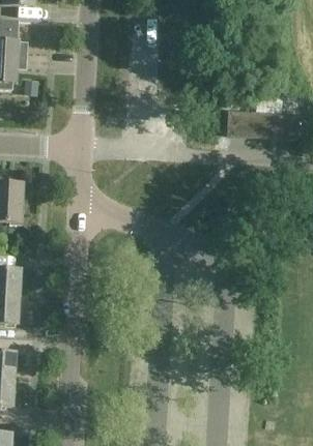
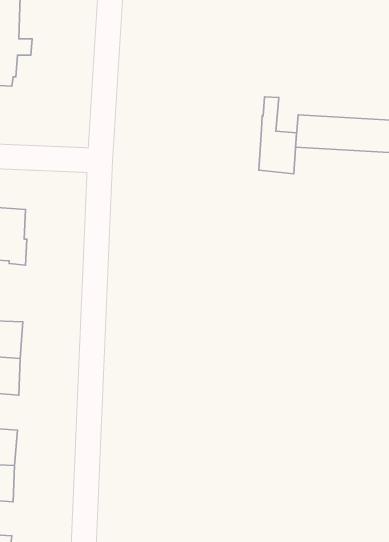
building: none -> [259,97,296,174]

